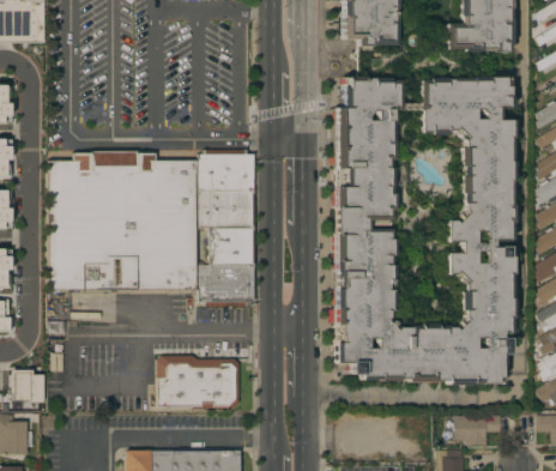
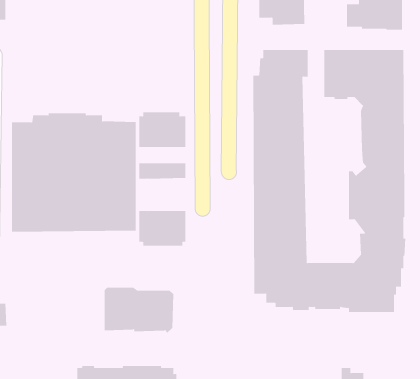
building: [200,192,256,210] -> none
building: [211,228,256,266] -> none
building: [457,416,504,445] -> none

